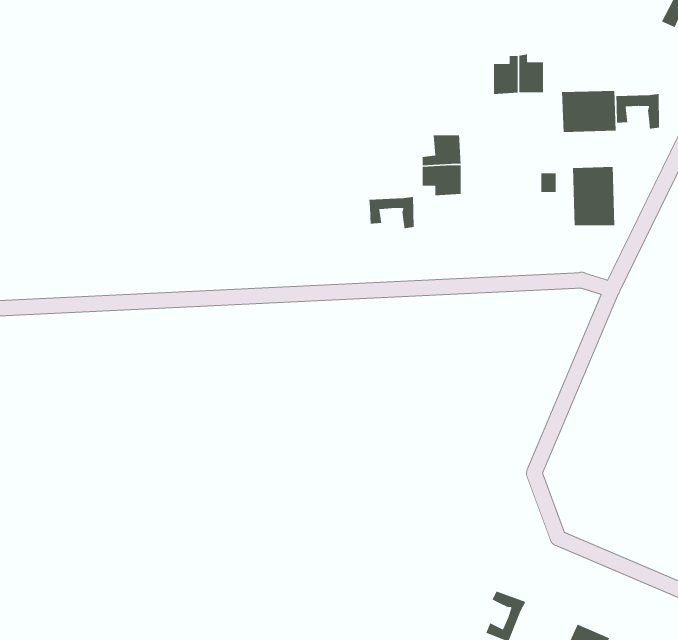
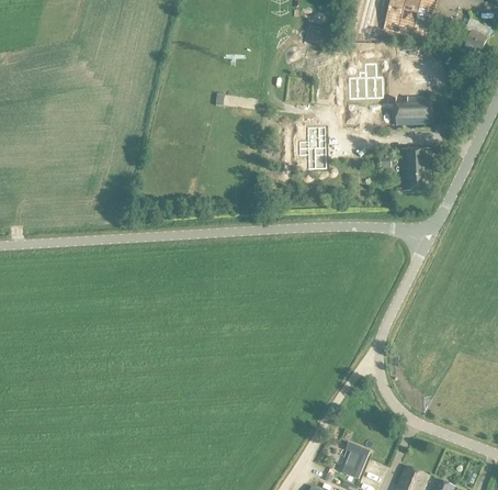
building: [615,93,660,130] -> none
building: [369,196,414,229] -> none

